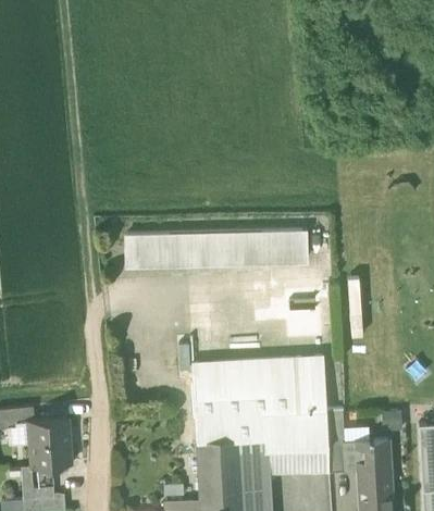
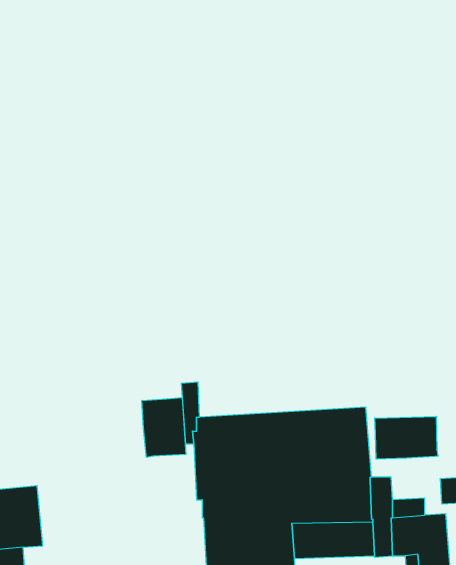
building: [129,232,306,266] -> none
building: none -> [142,397,186,457]
building: none -> [375,416,438,459]

